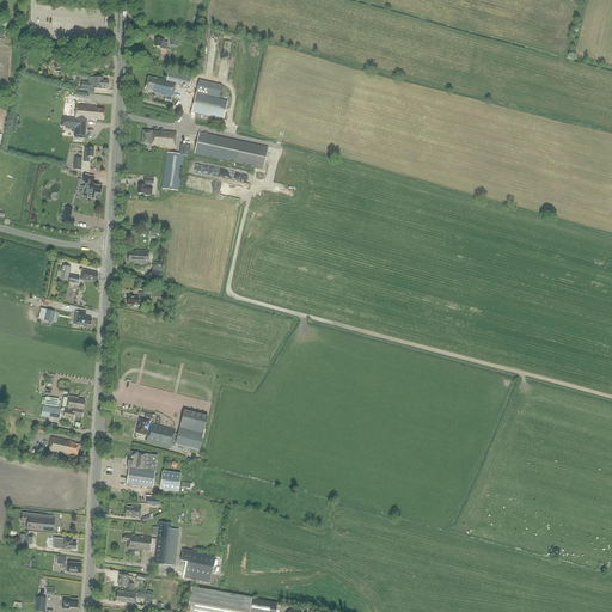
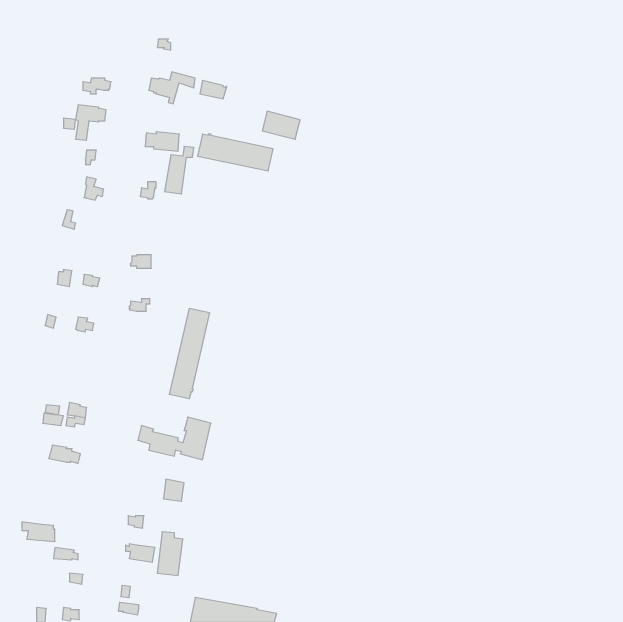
building: [191,92,228,120] -> [262,111,300,139]
building: none -> [169,308,209,399]
building: [127,451,157,488] -> none
building: [180,547,214,574] -> none

